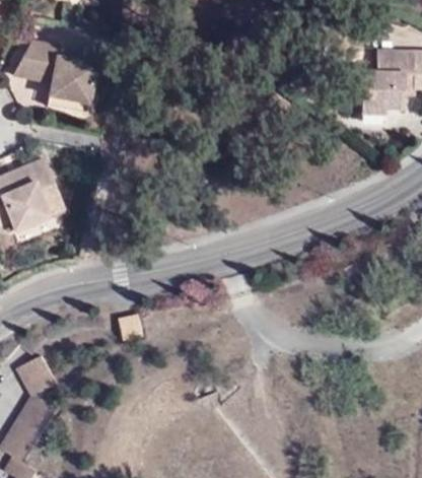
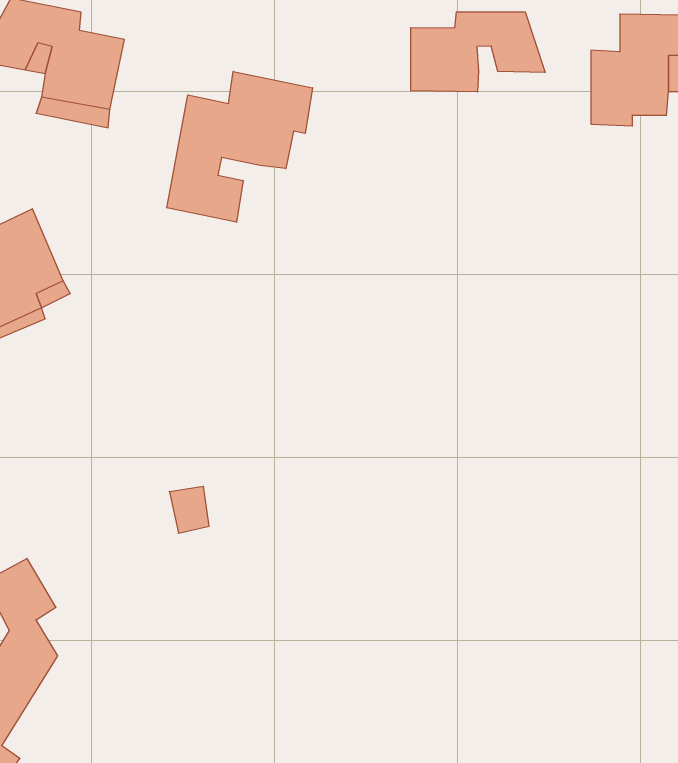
building: none -> [411,12,545,92]
building: none -> [167,71,313,222]

